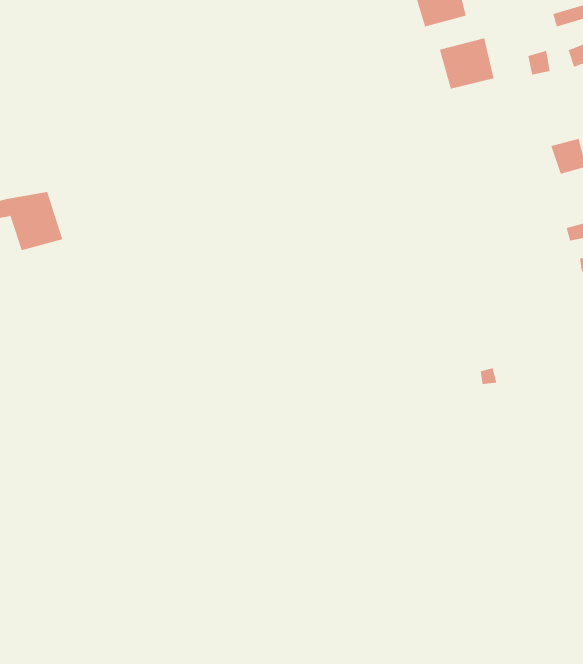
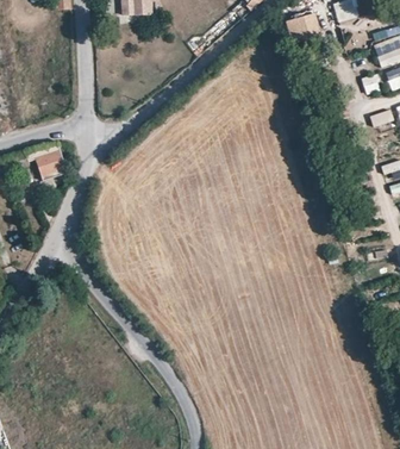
building: [439,38,494,89] -> none

